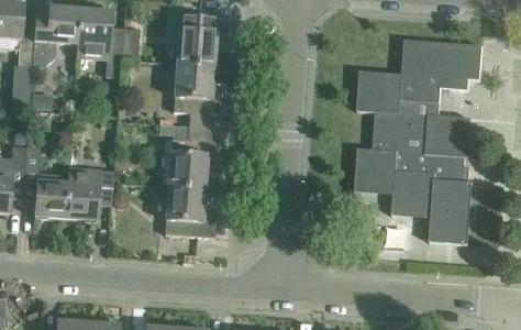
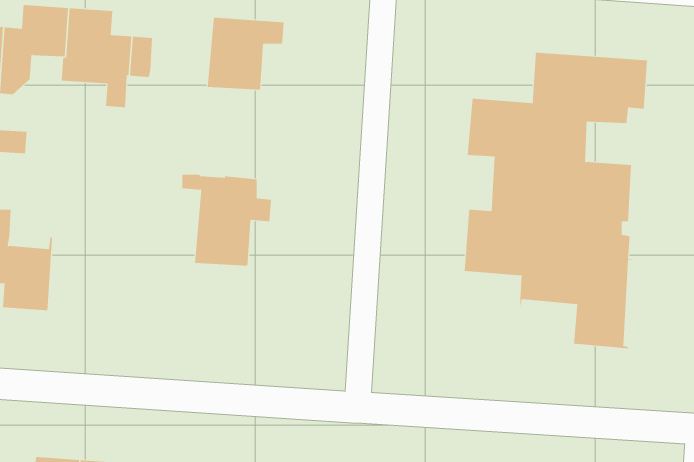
building: [173,63,224,127] -> none
building: [66,167,113,220] -> none
building: [156,185,215,254] -> none

